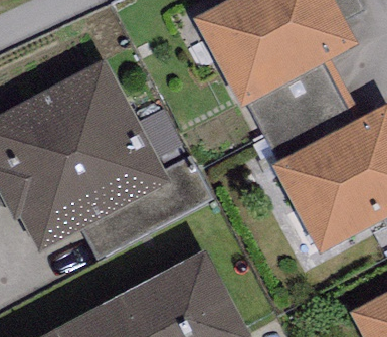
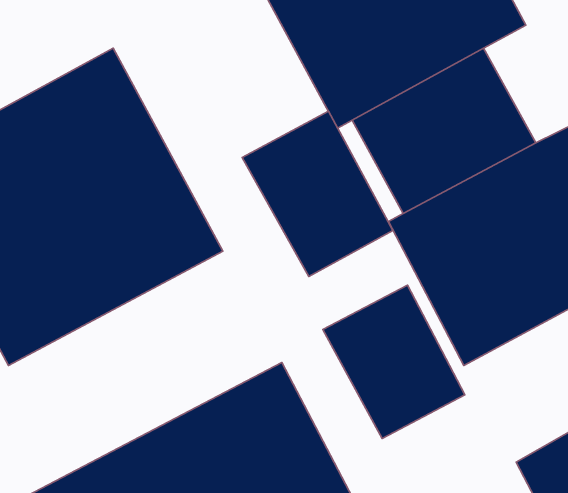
building: none -> [242,111,393,277]
building: none -> [323,285,465,439]

